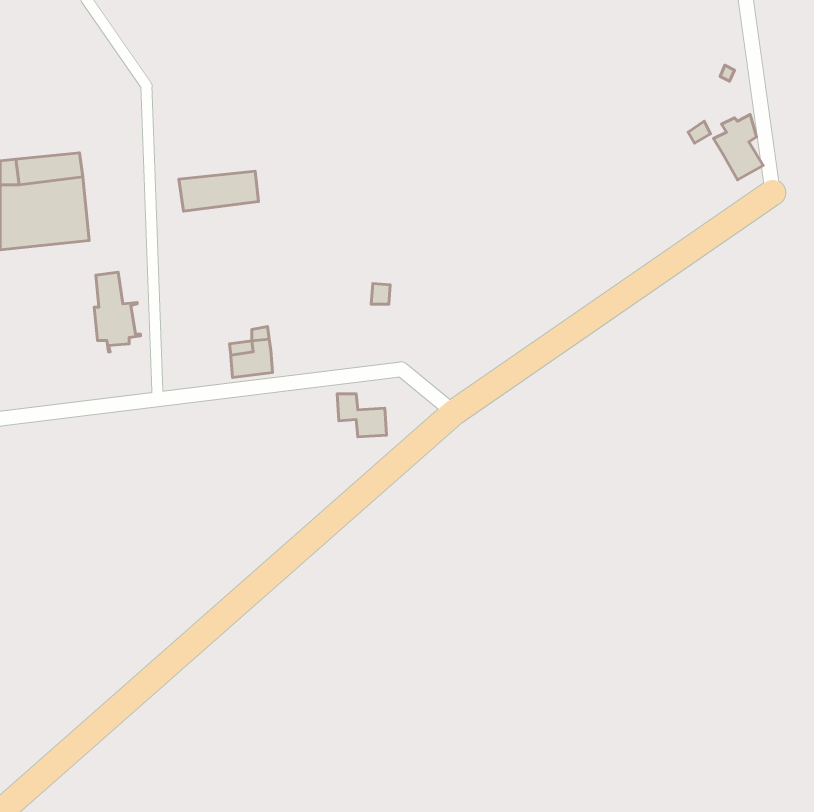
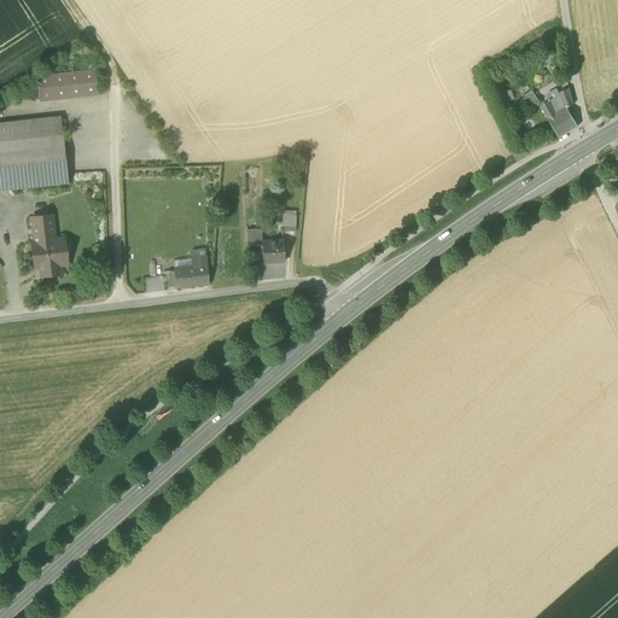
building: [179,171,258,211] -> [36,70,97,100]
building: [94,272,140,352] -> [31,215,66,275]
building: [337,394,387,437] -> [246,229,284,262]

